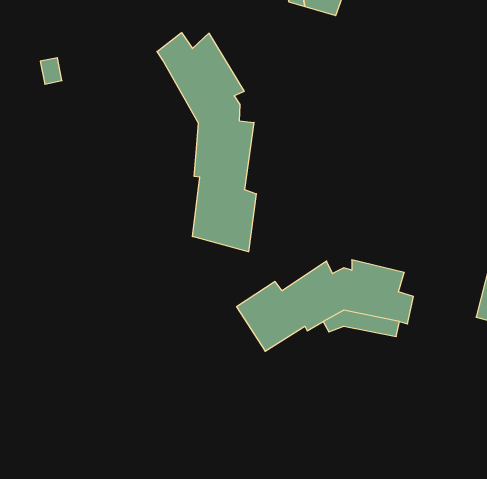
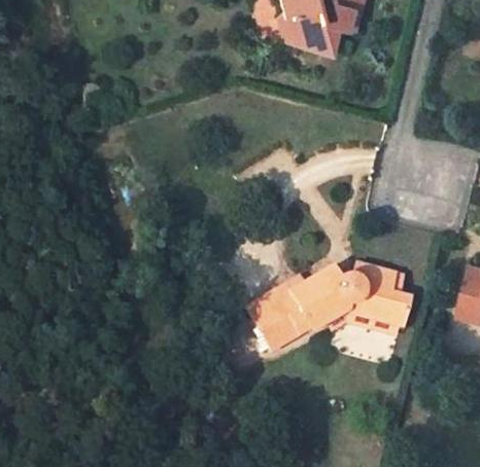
building: [157,33,256,252] -> none

